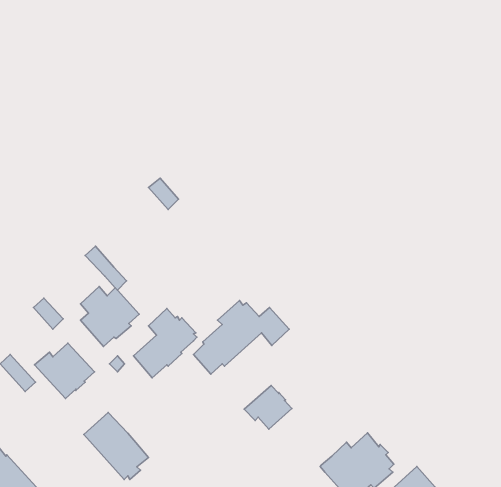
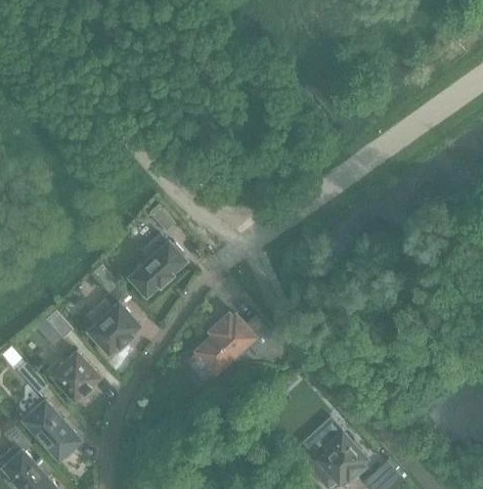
building: [134,309,197,378] -> [129,234,185,296]
building: [244,385,292,429] -> none
building: [84,412,148,479] -> [23,400,80,459]

